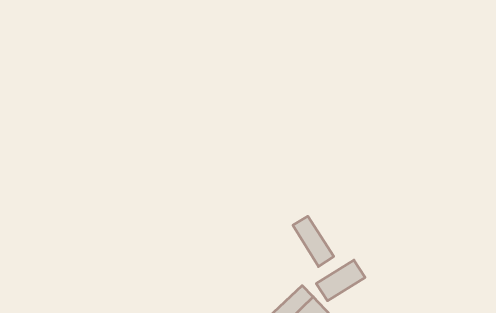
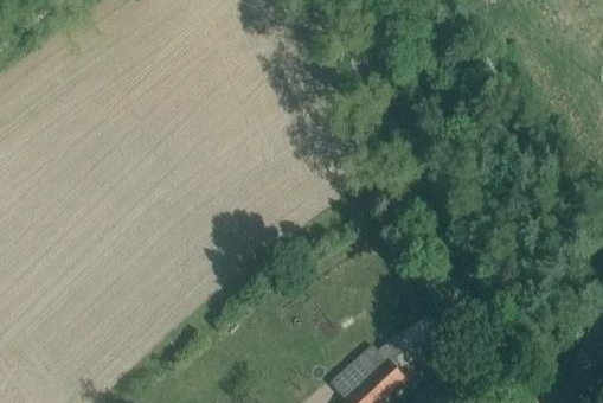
building: [293,216,334,267] -> none

